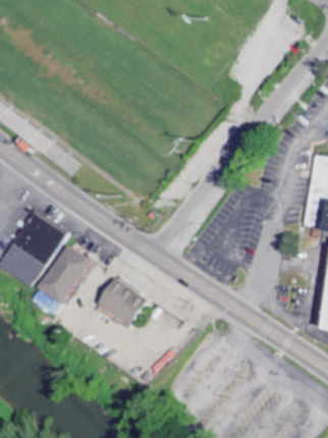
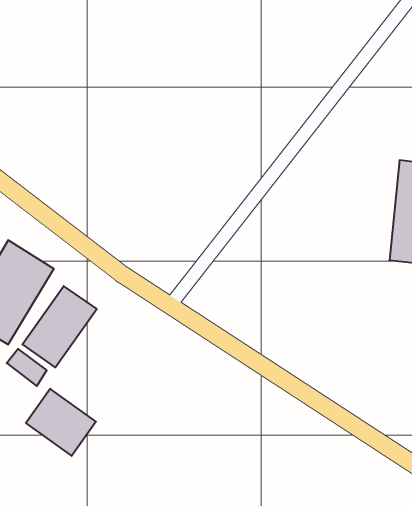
building: [99,279,149,327] -> [26,389,96,456]

